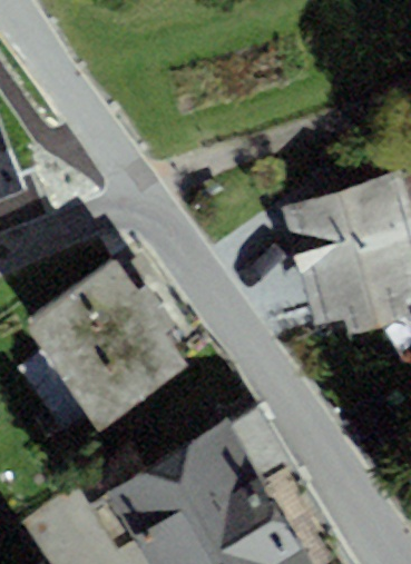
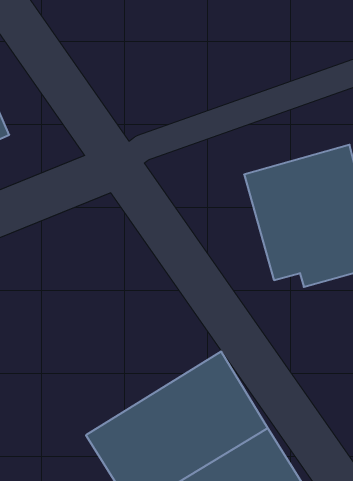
building: [21,266,187,437] -> none

